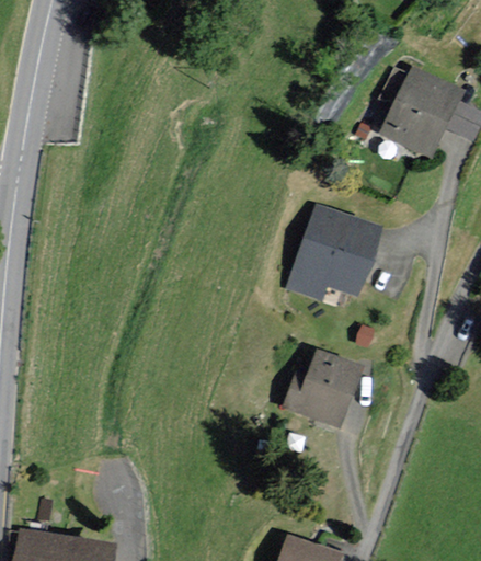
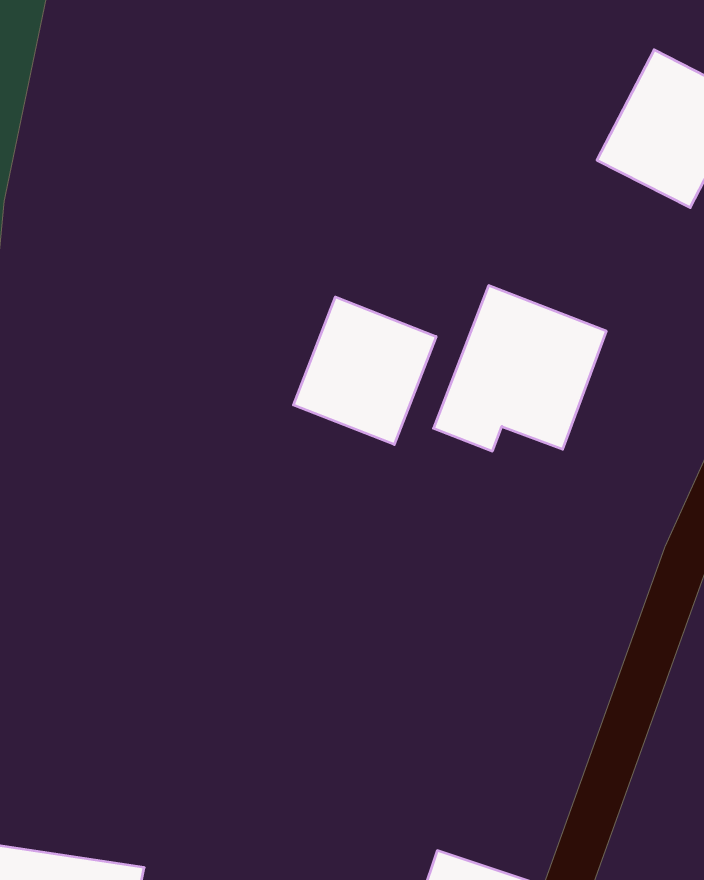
building: none -> [293,297,436,445]
building: [279,346,362,430] -> none

